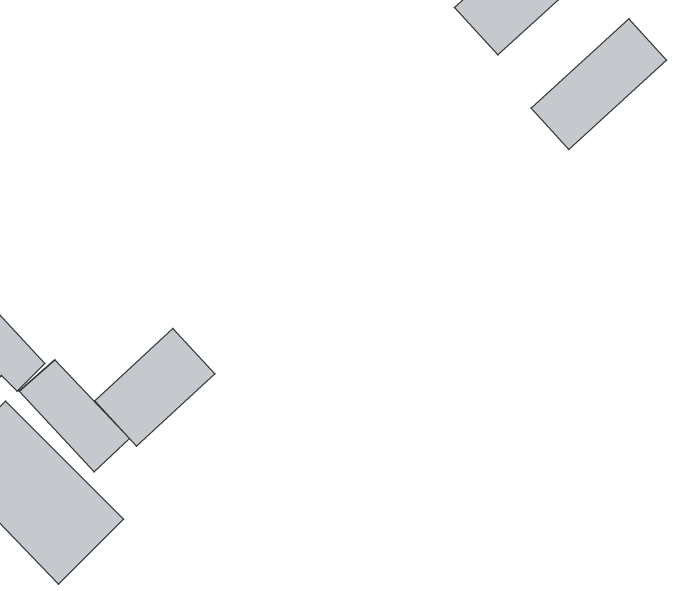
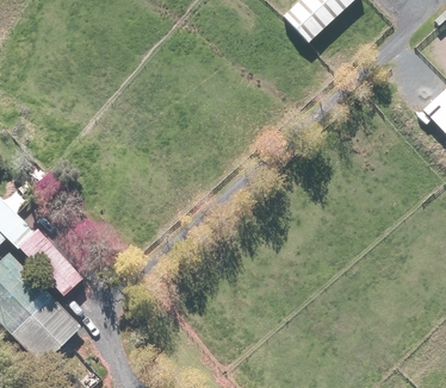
building: [531,19,666,149] -> none
building: [95,329,215,446] -> none

